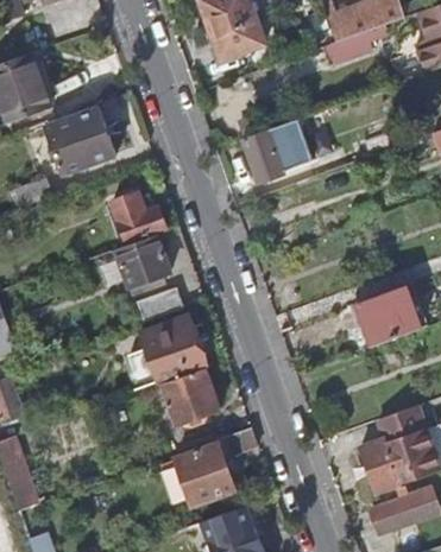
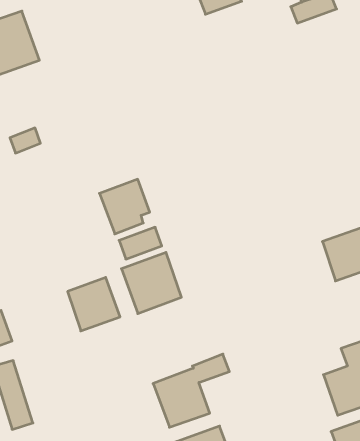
building: [45,106,115,172] -> none
building: [244,129,295,180] -> none
building: [112,191,166,240] -> none
building: [162,366,219,424] -> [68,277,120,331]

